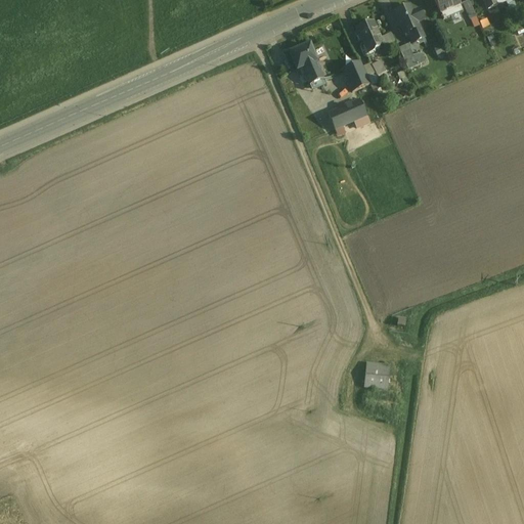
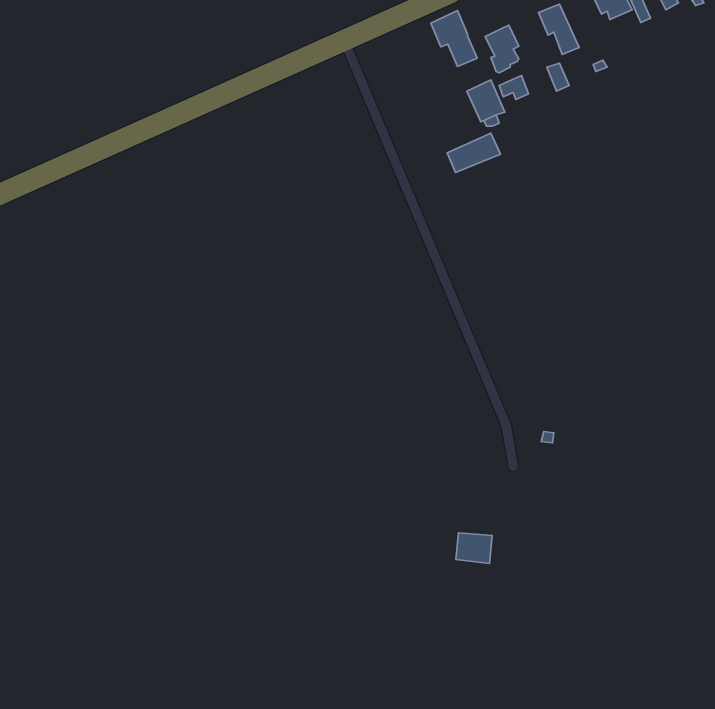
building: [289,41,322,82] -> [431,11,477,67]
building: [362,360,389,383] -> [456,533,492,564]

